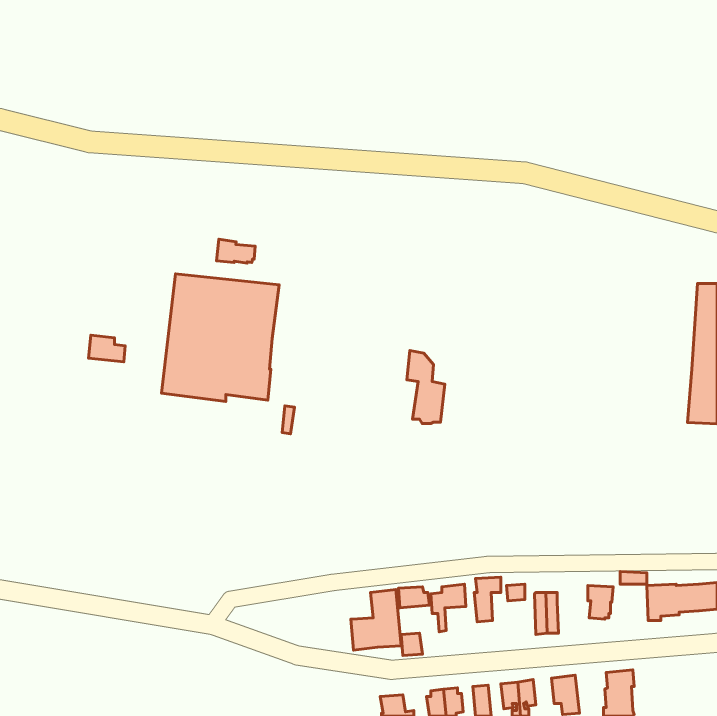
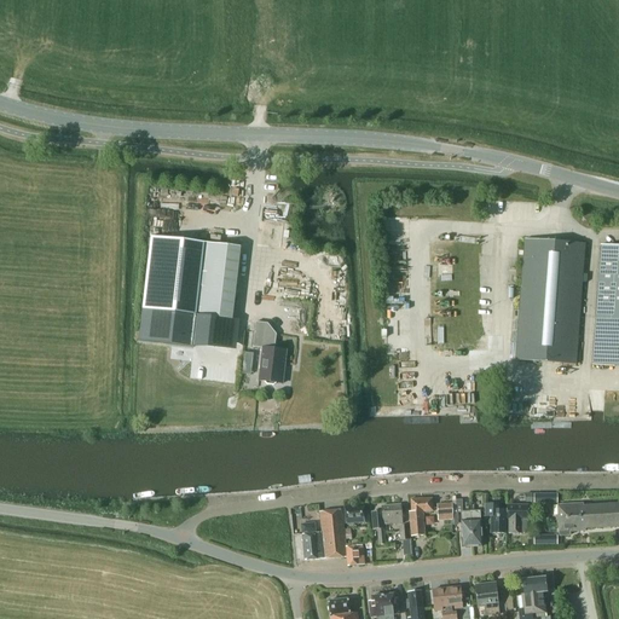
building: [216,239,255,263] -> none
building: none -> [515,238,585,364]
building: [88,335,125,362] -> none
building: [407,350,445,423] -> [255,320,288,383]
building: none -> [484,503,507,533]

